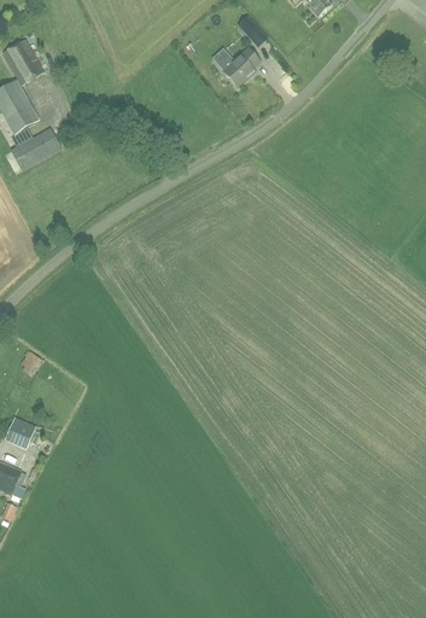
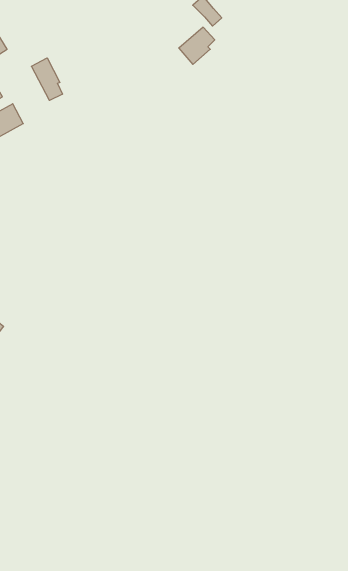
building: none -> [31,58,62,100]

